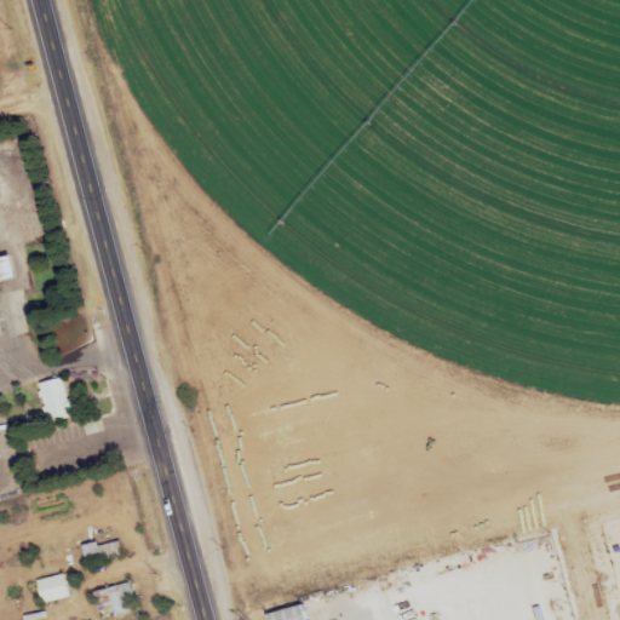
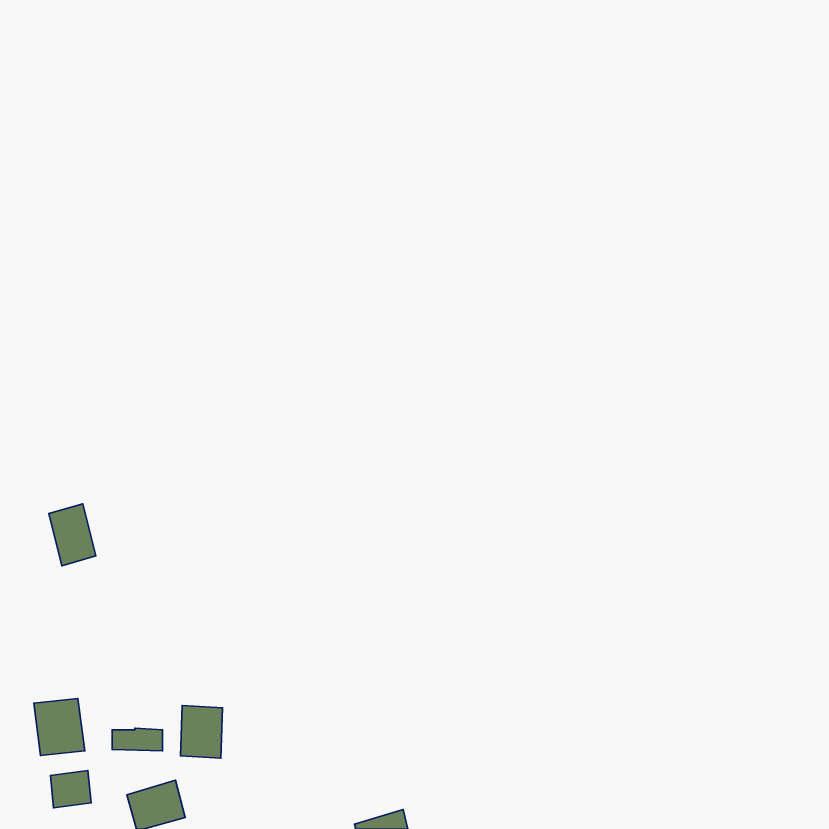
building: none -> [34,698,85,755]
building: none -> [181,705,223,758]

